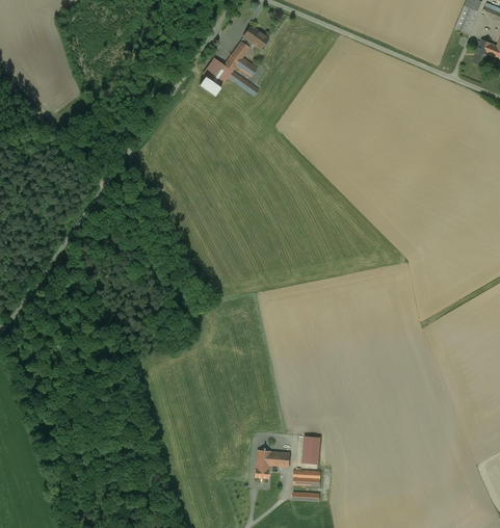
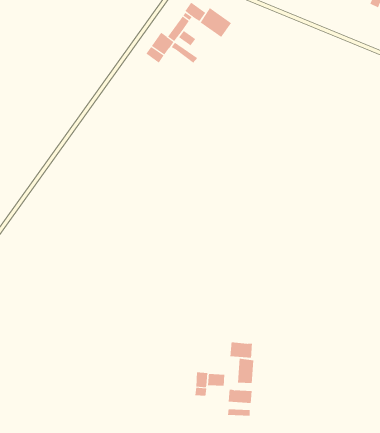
building: none -> [200,7,232,38]
building: none -> [230,341,253,359]

